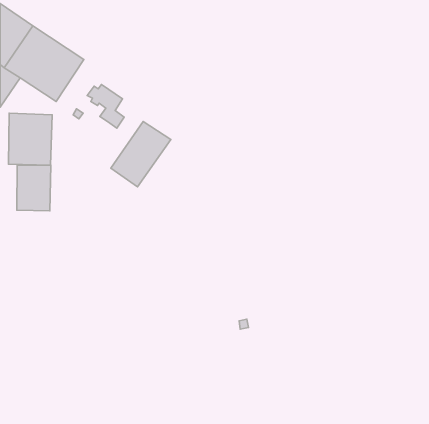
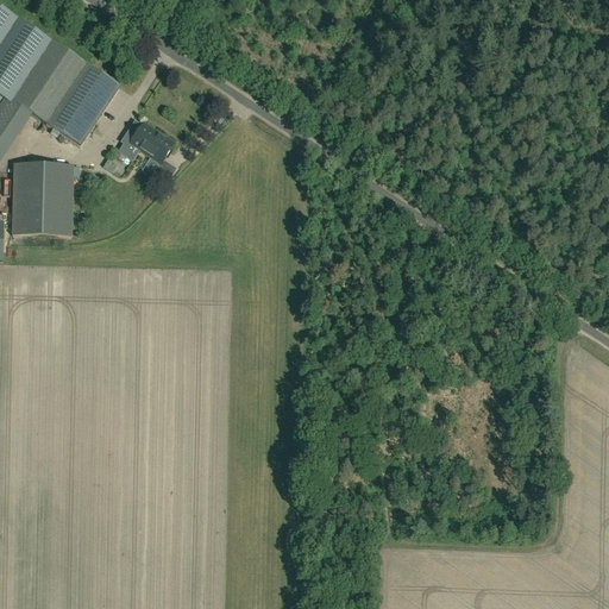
building: [111,121,171,187] -> none
building: [17,165,51,211] -> none

